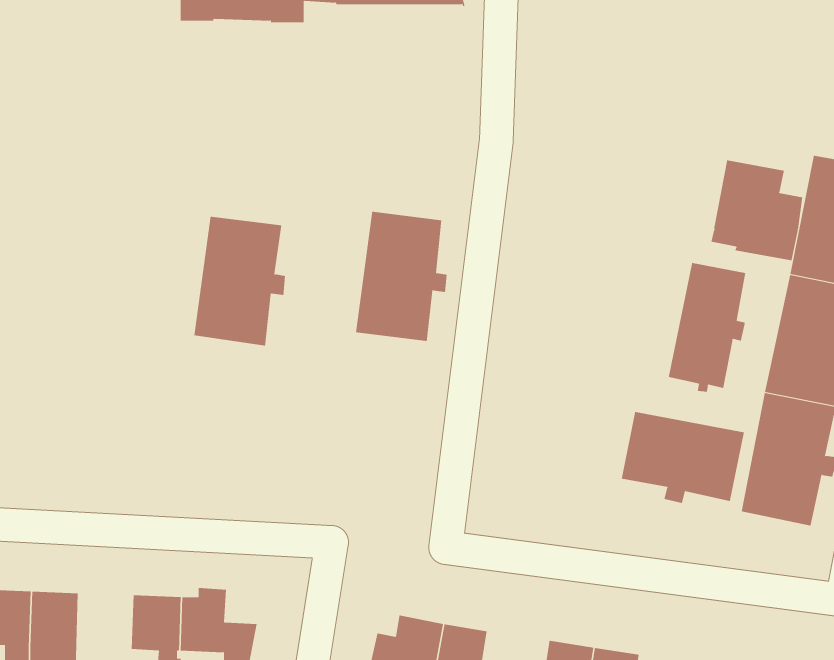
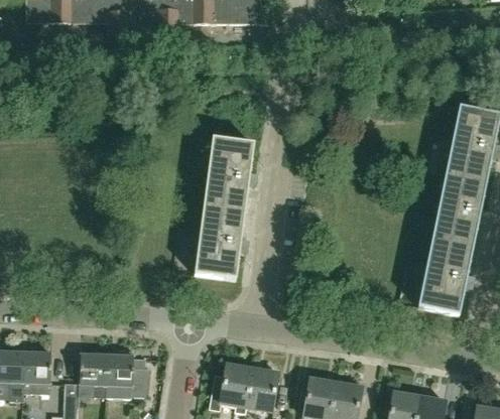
building: [711,160,803,261] -> none
building: [194,216,286,346] -> [195,206,246,279]
building: [668,262,746,392] -> none
building: [621,411,745,504] -> none

